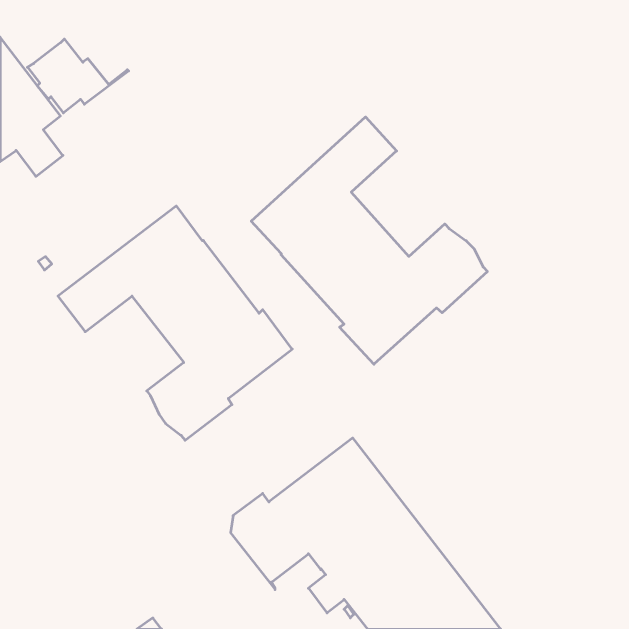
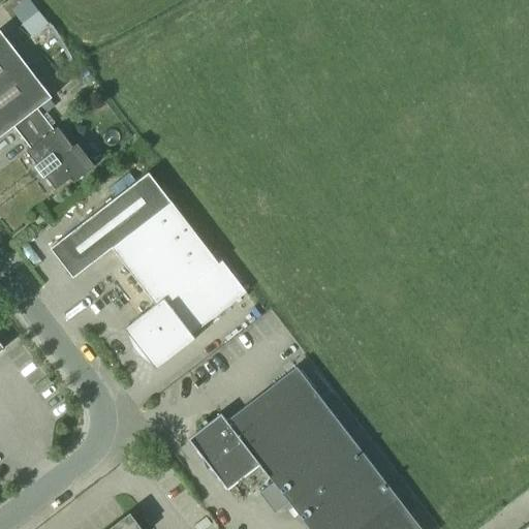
building: [27,39,129,113] -> [26,127,111,189]
building: [251,117,487,364] -> none

